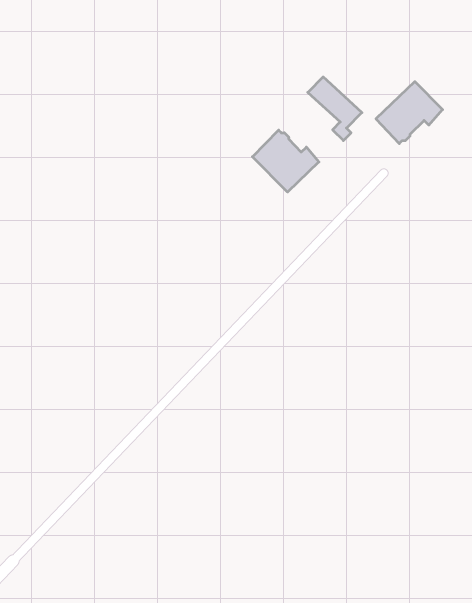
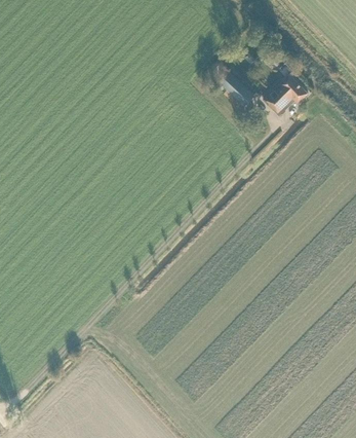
building: [252,130,319,192] -> none

